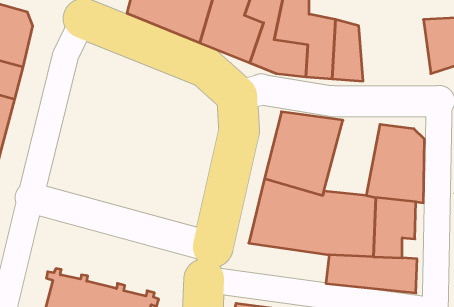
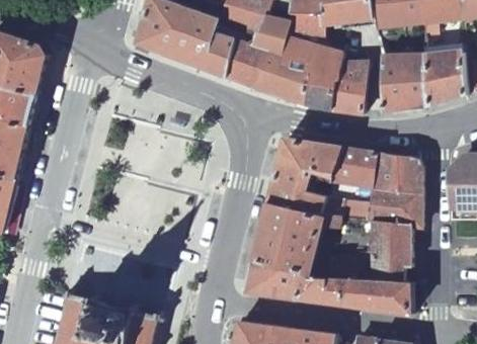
building: none -> [378,51,426,109]
building: none -> [324,147,378,219]
building: none -> [244,264,329,303]

